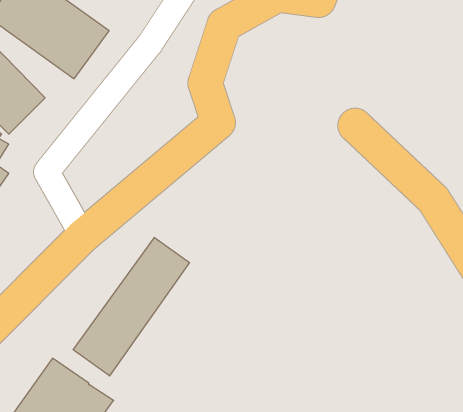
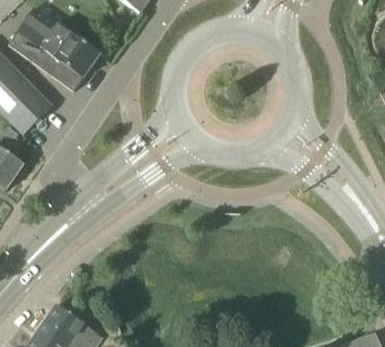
building: [73,237,189,376] -> none

